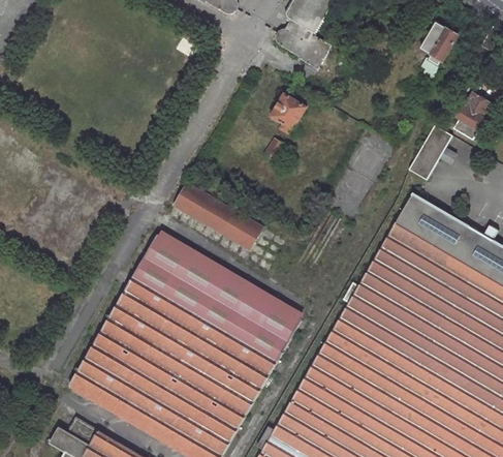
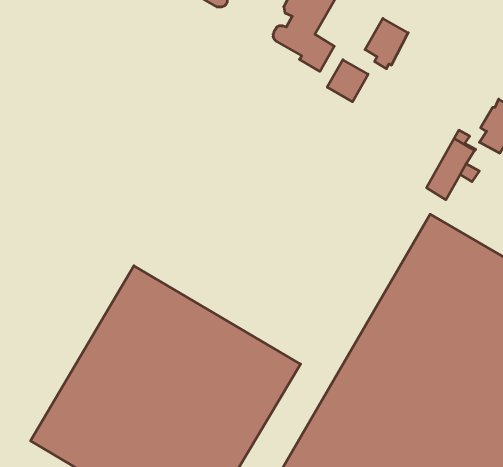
building: [420,21,458,64] -> [365,18,408,69]
building: [274,91,309,127] -> [327,60,368,102]
building: [176,183,263,249] -> none

